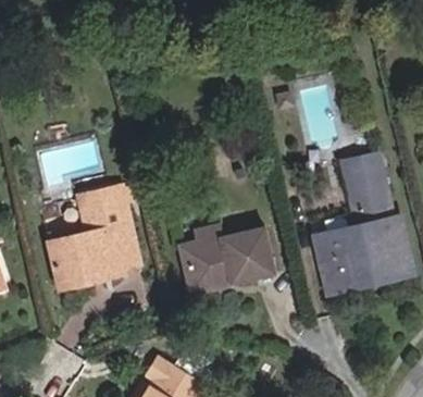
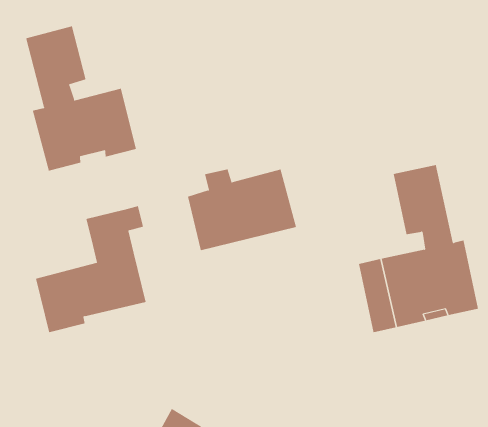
building: none -> [26,25,136,172]
building: [181,224,271,291] -> [187,169,297,251]

